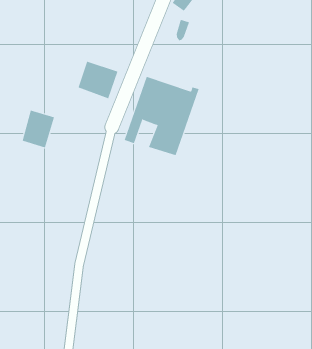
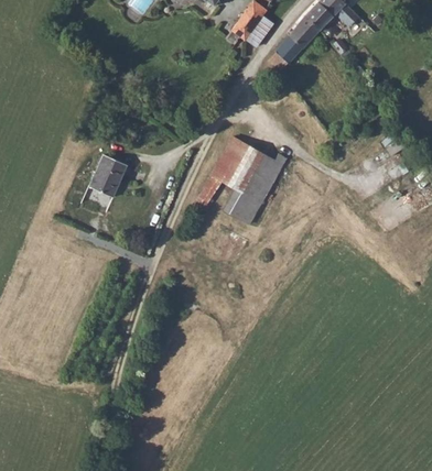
building: [78,61,118,99] -> none

